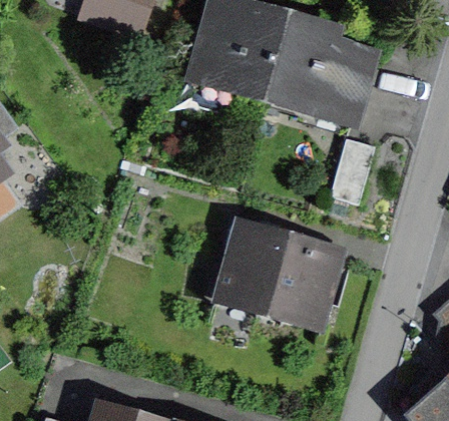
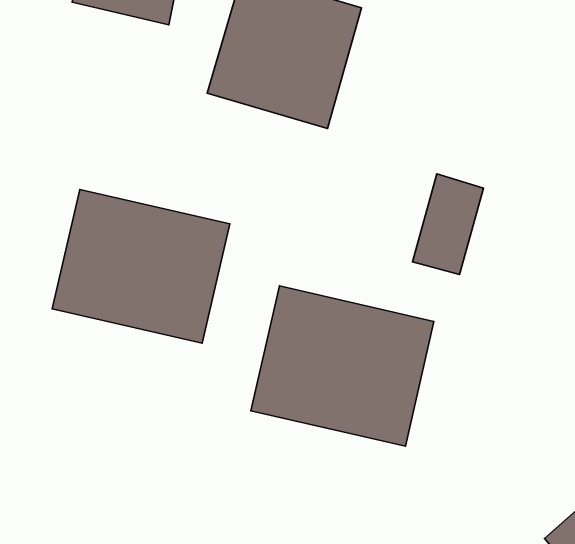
building: [269,20,380,130] -> none
building: none -> [52,189,230,343]

